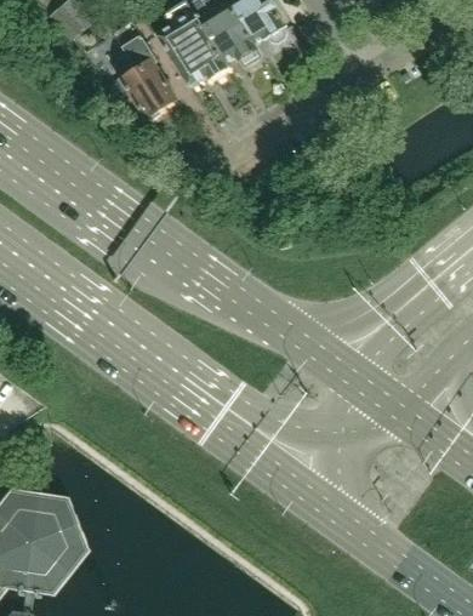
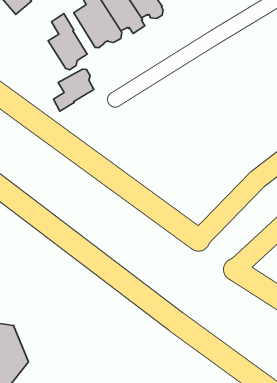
building: none -> [53,69,94,111]

